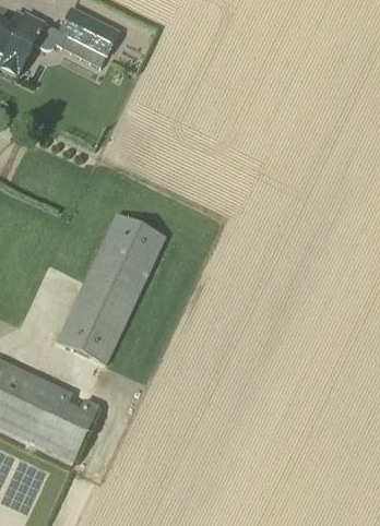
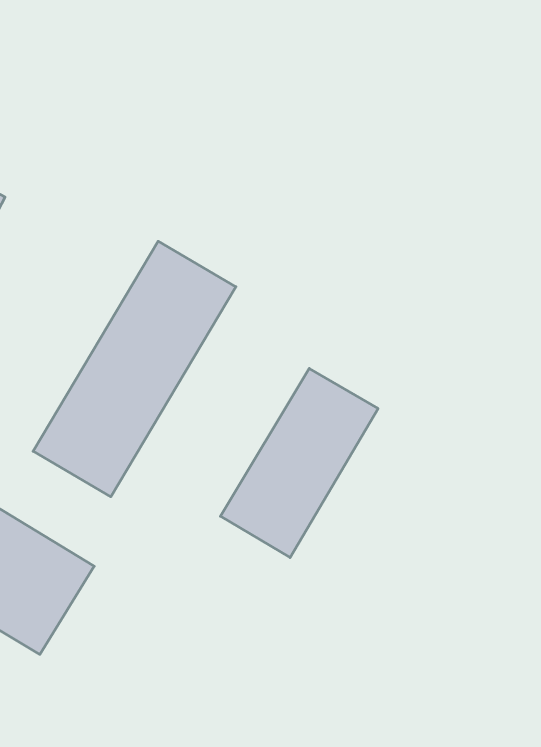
building: none -> [220,368,378,558]

